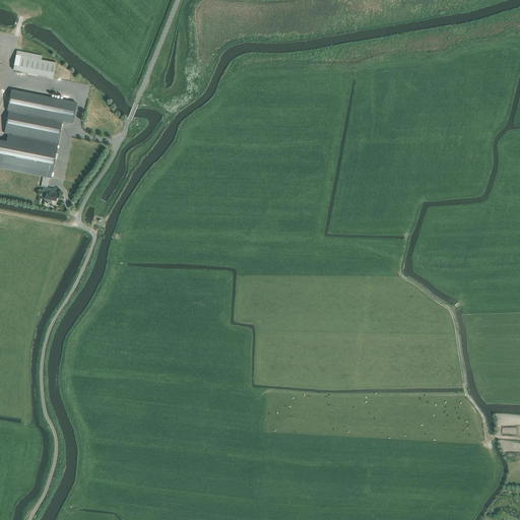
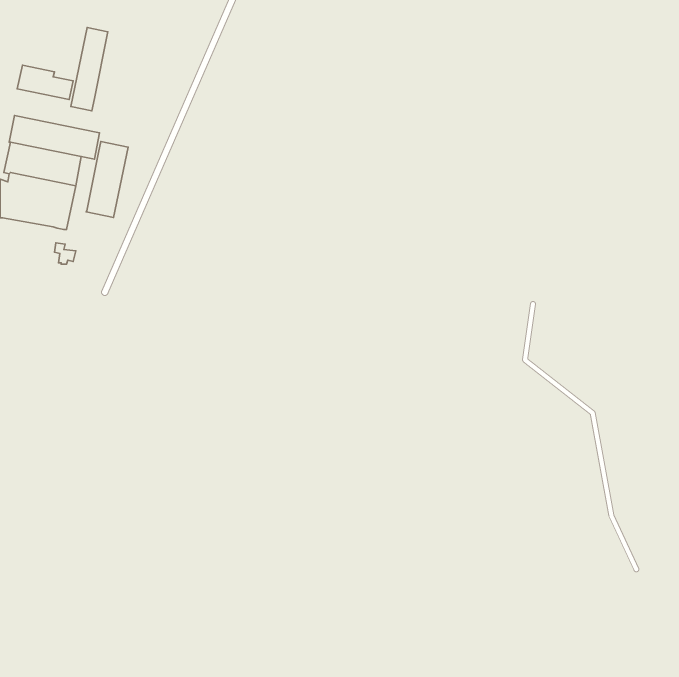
building: none -> [71,28,108,111]
building: none -> [86,141,128,218]

